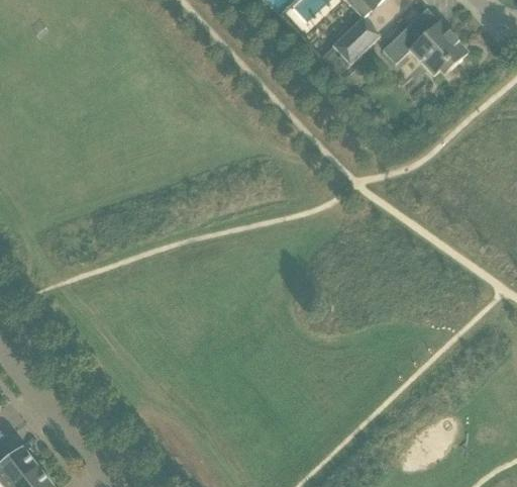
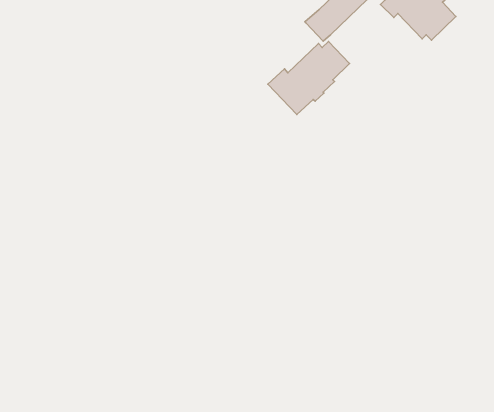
building: none -> [268,42,349,115]

